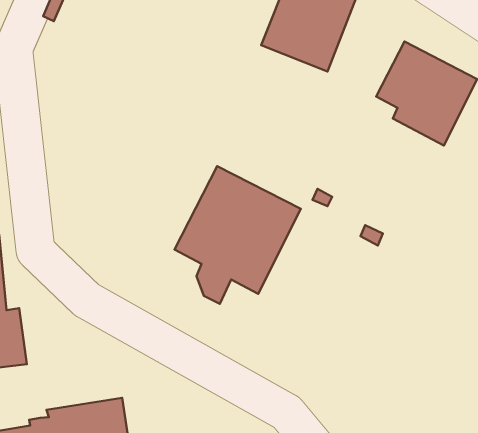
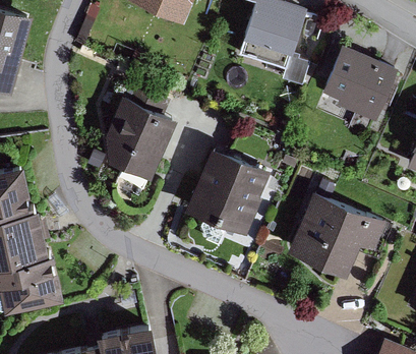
building: none -> [104,87,175,178]
building: none -> [287,192,385,275]

